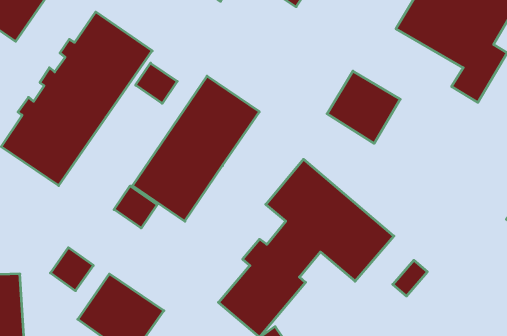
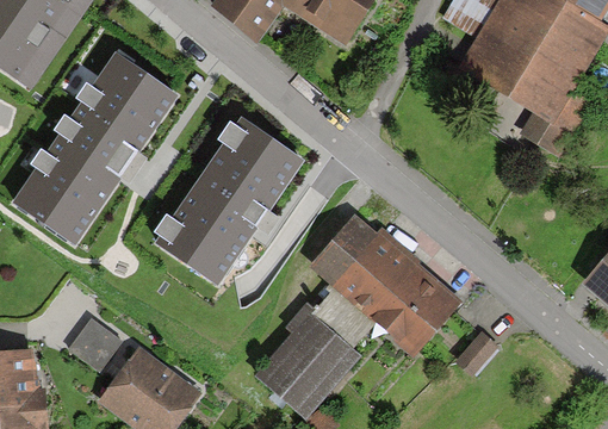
building: [136,63,177,103] -> none
building: [327,71,400,143] -> none
building: [114,186,157,228] -> none

